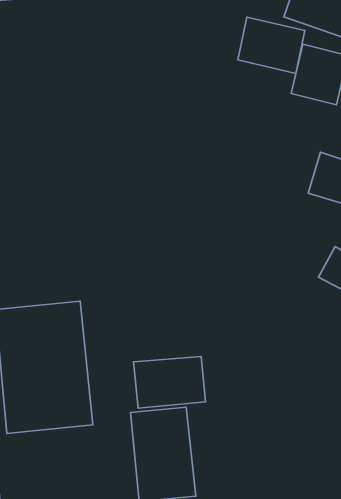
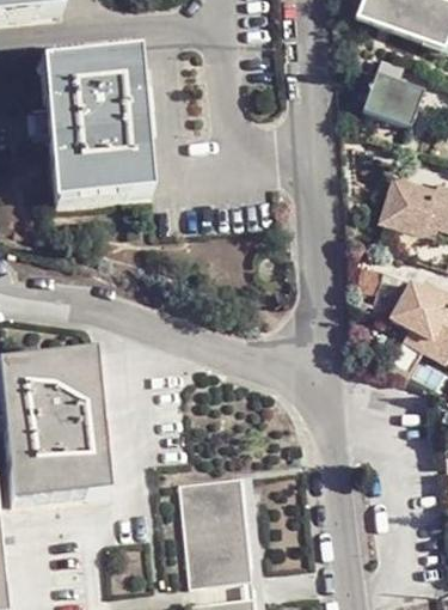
building: [238,17,305,73] -> none
building: none -> [39,48,151,199]
building: [134,356,205,408] -> none

